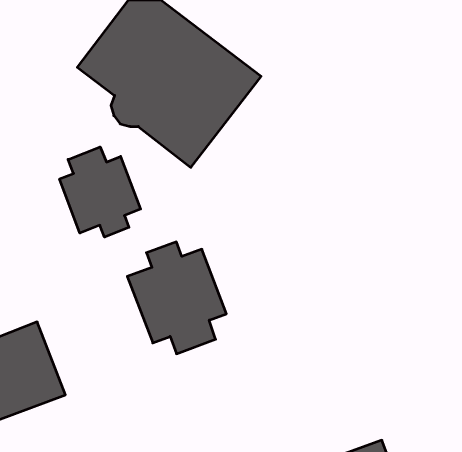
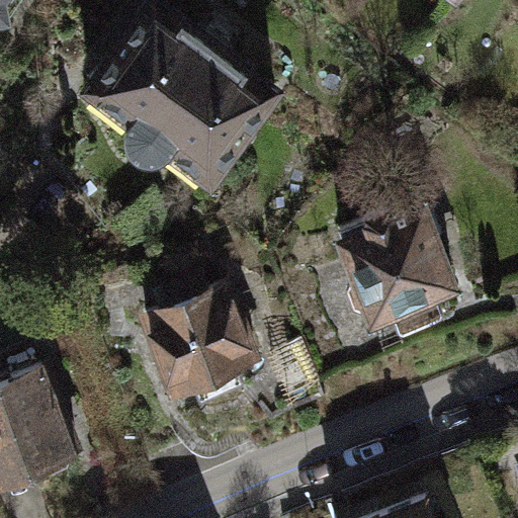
building: [60,147,141,237] -> none
building: none -> [332,199,456,341]

